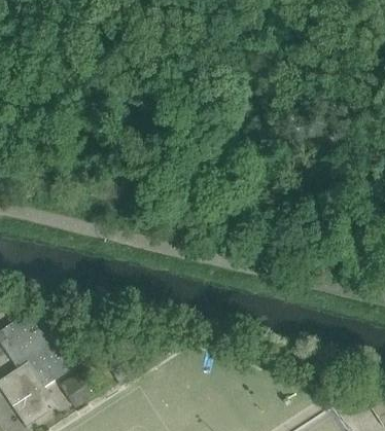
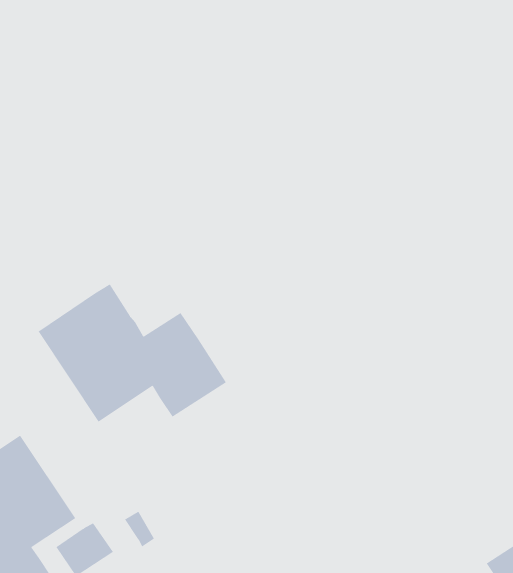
building: none -> [38,283,228,422]

